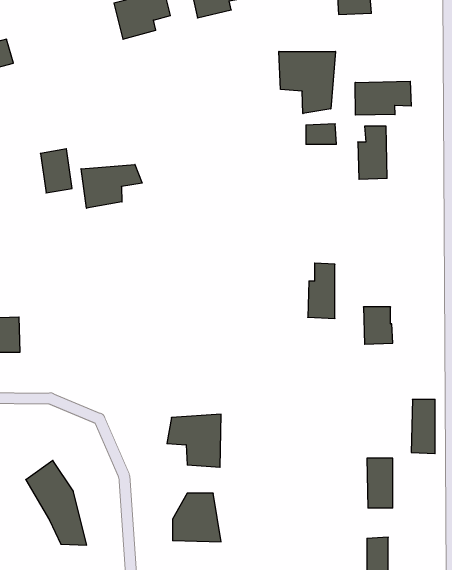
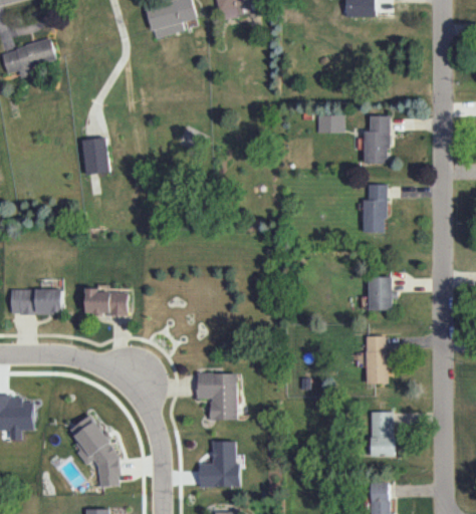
building: [279,51,335,114] -> none
building: [355,81,411,115] -> none
building: [81,164,142,208] -> none
building: [308,263,335,318] -> [362,183,386,232]
building: none -> [84,284,130,317]
building: [411,399,435,454] -> [366,335,387,383]

